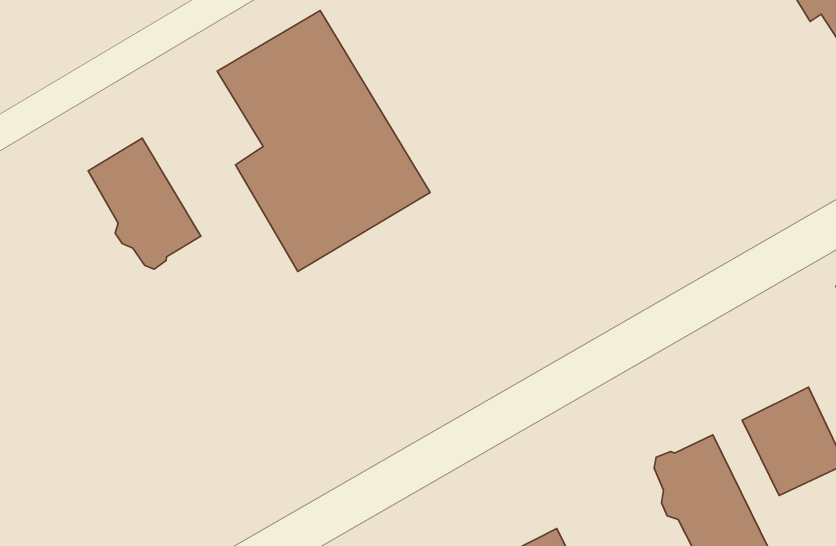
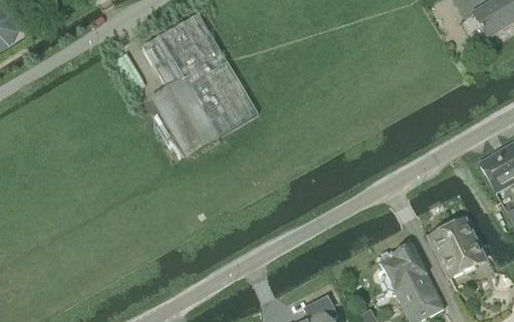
building: [88,138,201,269] -> none

